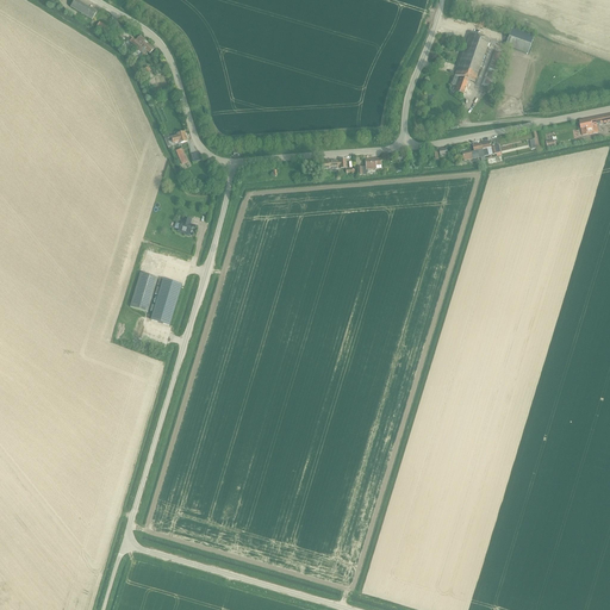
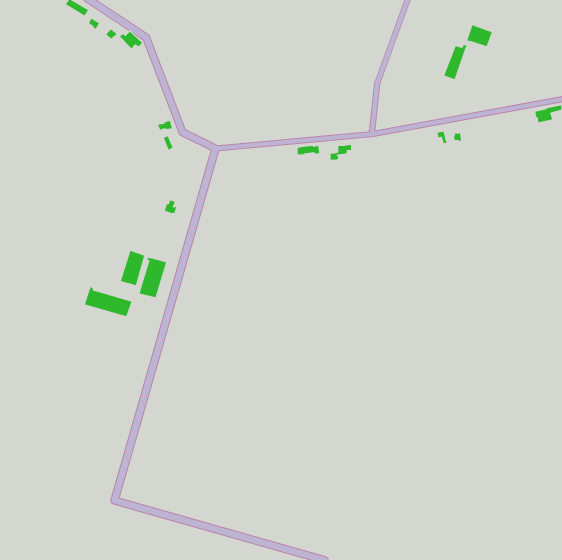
building: [452,31,490,93] -> none
building: none -> [84,286,132,317]

